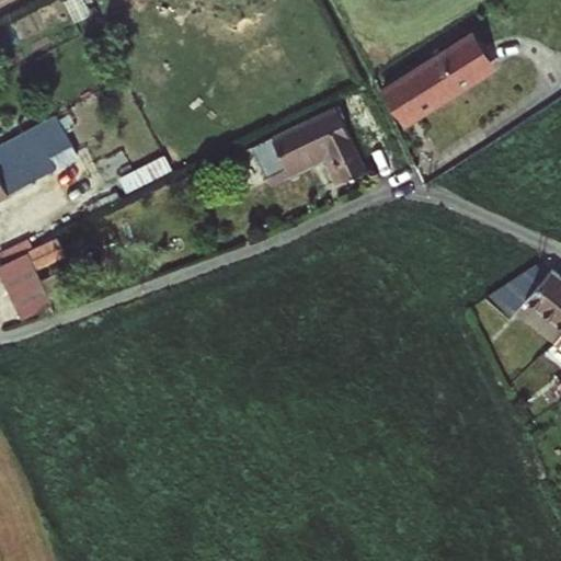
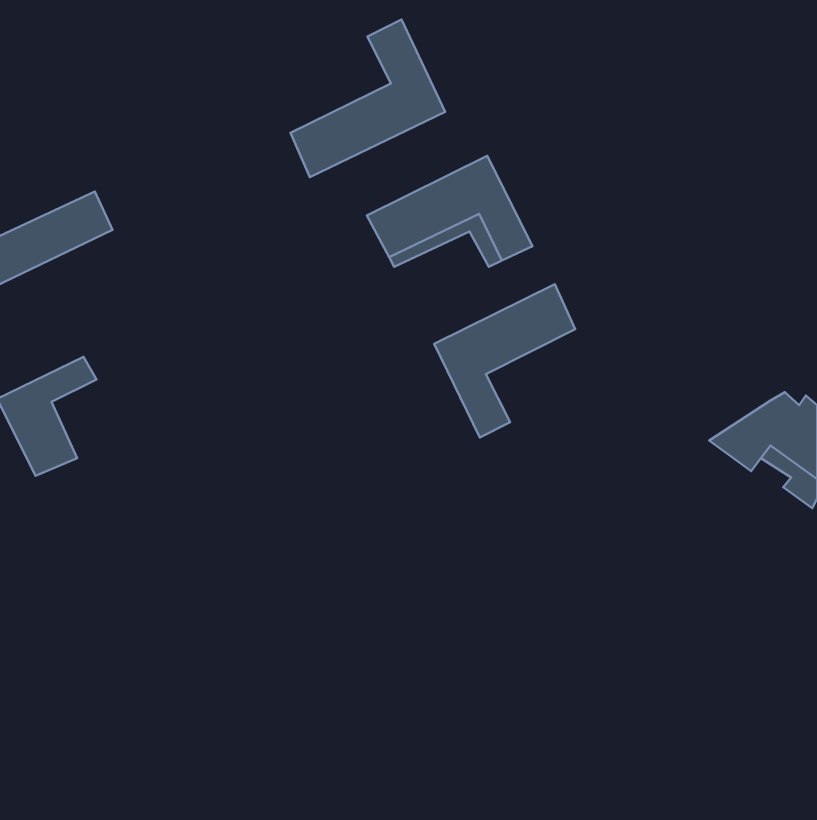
building: none -> [291,20,445,177]
building: [380,28,499,128] -> none
building: none -> [434,284,575,438]

